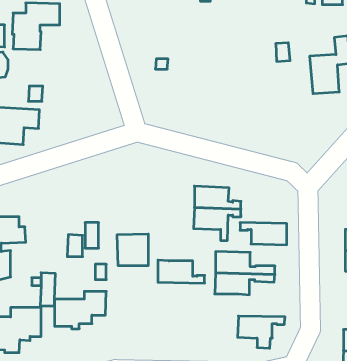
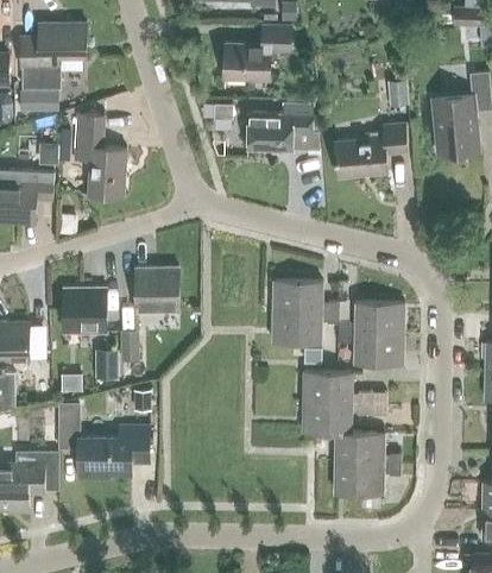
building: none -> [225,25,291,78]
building: none -> [20,90,58,112]
building: none -> [247,106,314,150]
building: none -> [75,113,126,196]
building: none -> [334,124,408,176]
building: none -> [64,289,107,332]
building: none -> [338,302,404,333]
building: [117,234,148,265] -> [135,267,179,311]
building: [158,260,205,283] -> [335,432,400,464]

